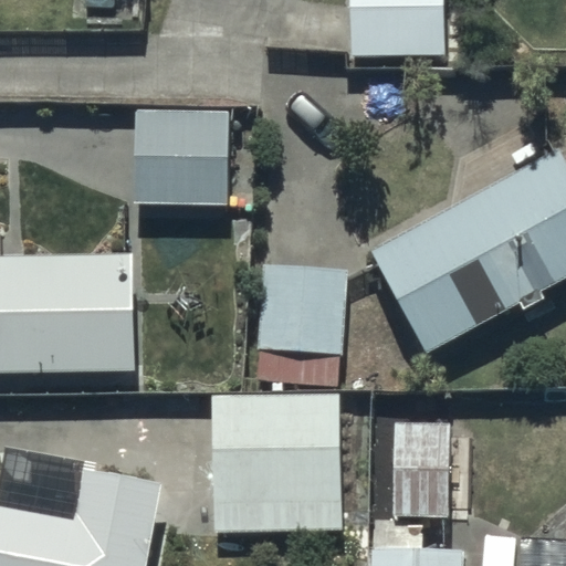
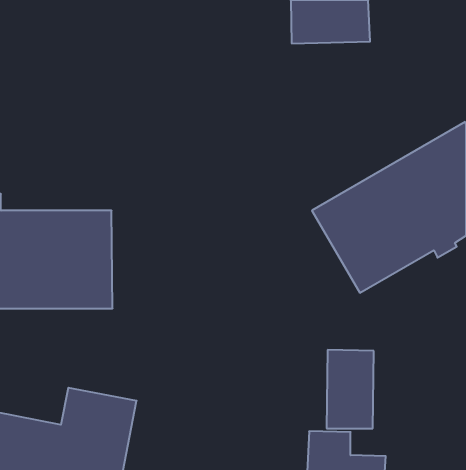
building: [134,111,229,205] -> none
building: [252,263,346,389] -> none
building: [211,397,338,531] -> none

